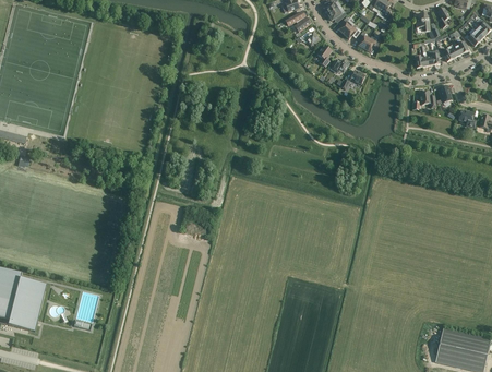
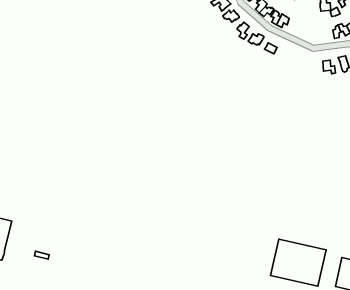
building: none -> [270,239,326,286]

